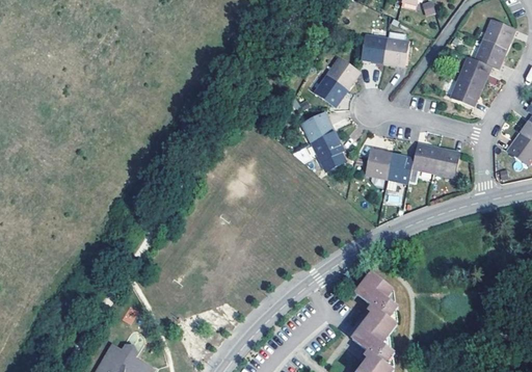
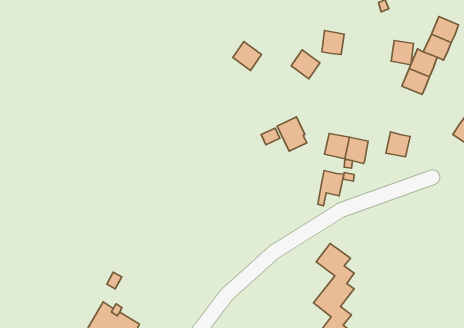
building: [382,38,407,65] -> [391,41,414,65]
building: [314,74,346,106] -> [233,42,262,70]
building: [301,111,332,141] -> none
building: [408,143,437,183] -> [318,171,344,206]

